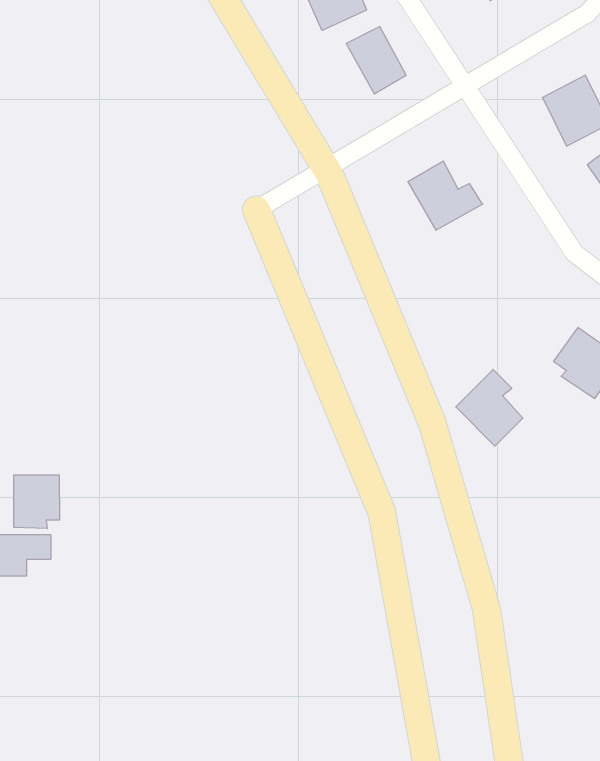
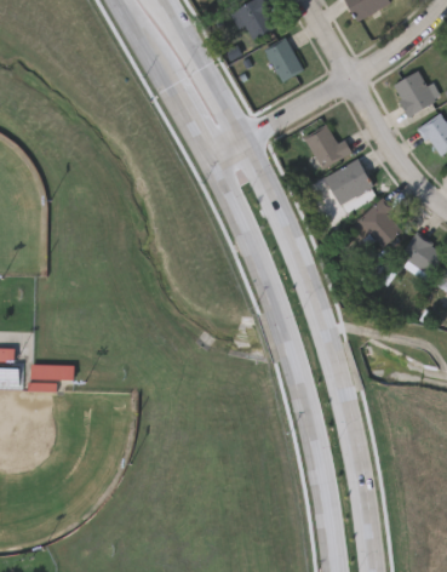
building: none -> [323,159,373,206]
building: [456,369,523,446] -> [357,196,401,246]
building: [14,475,59,529] -> none

